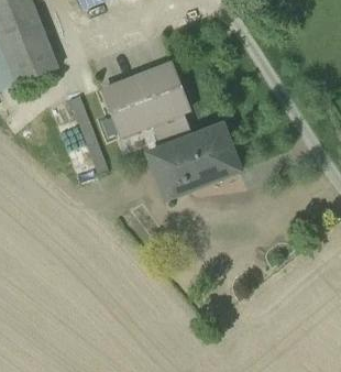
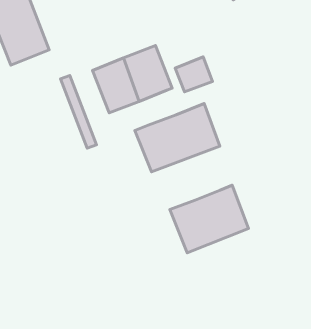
building: [152,110,191,147] -> [175,57,212,92]
building: none -> [170,185,248,253]

